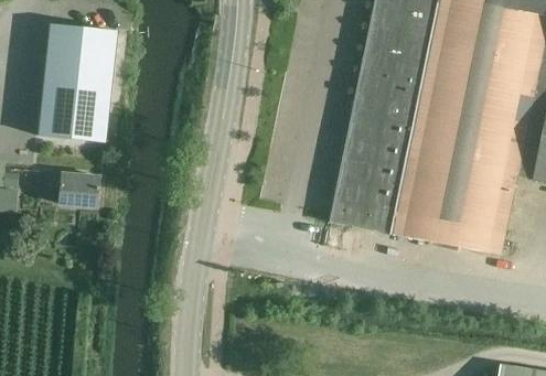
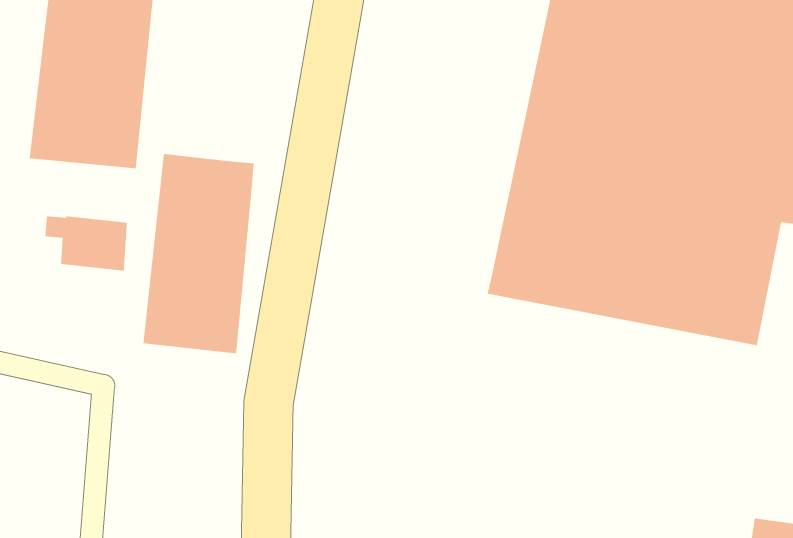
building: none -> [143,153,254,354]

